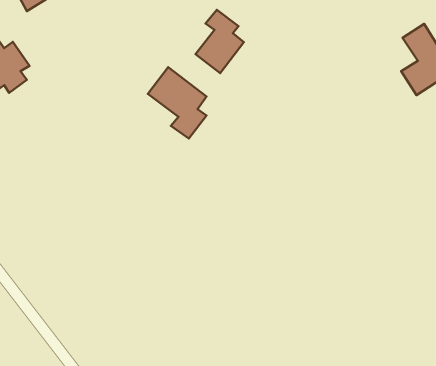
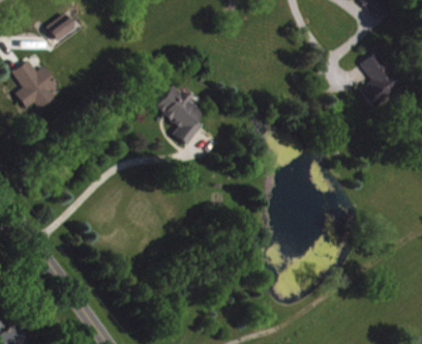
building: [195,10,244,73] -> none

